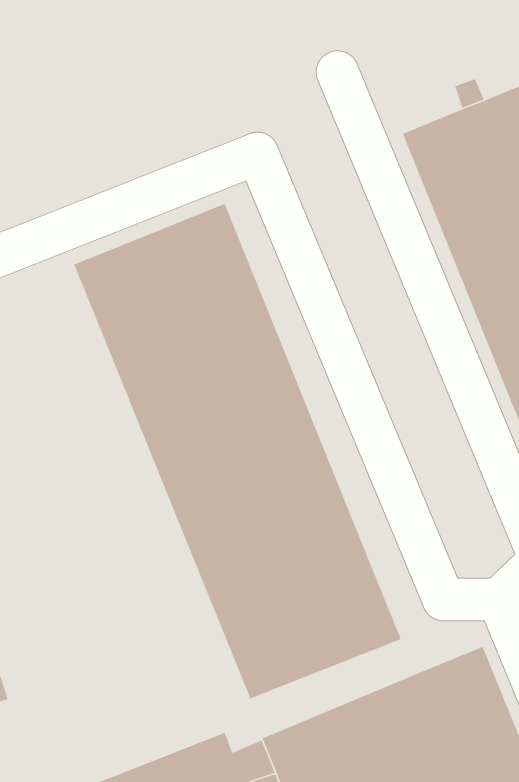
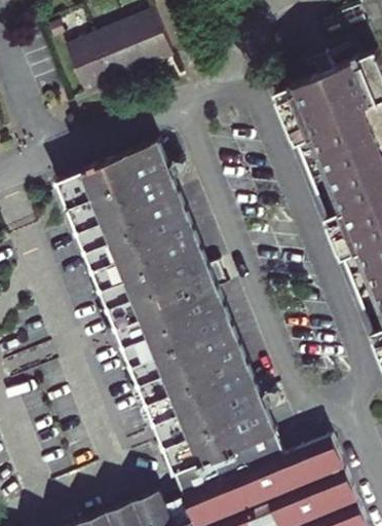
building: none -> [67,8,174,91]
building: none -> [176,429,286,494]

